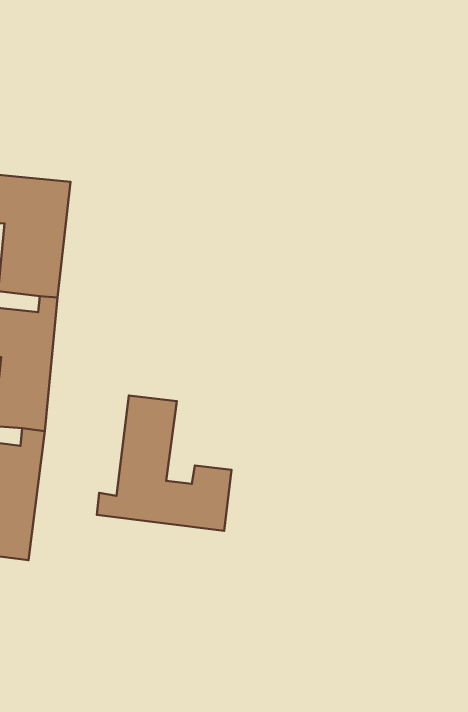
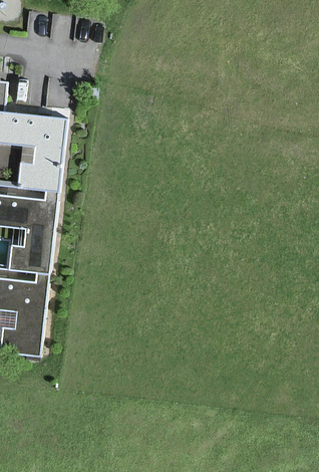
building: [97,396,232,531] -> none

